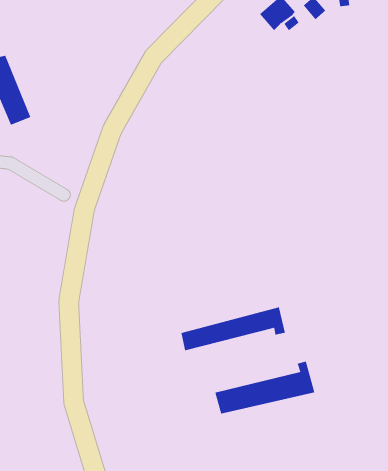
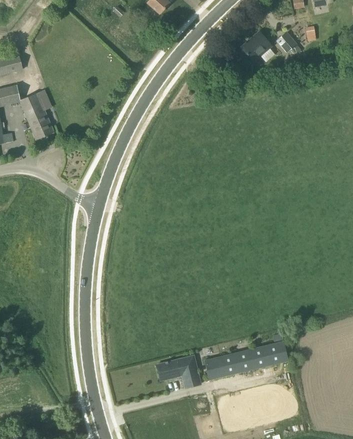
building: [181,306,285,351] -> none
building: none -> [156,357,199,388]

